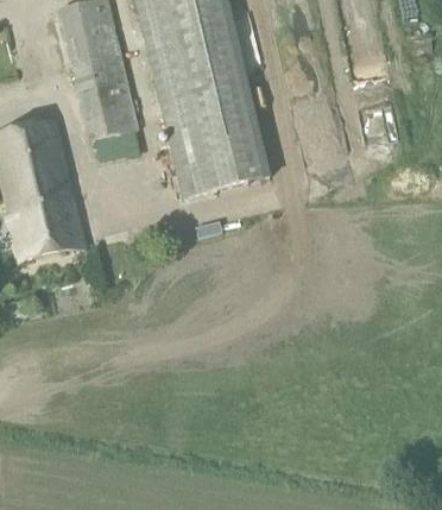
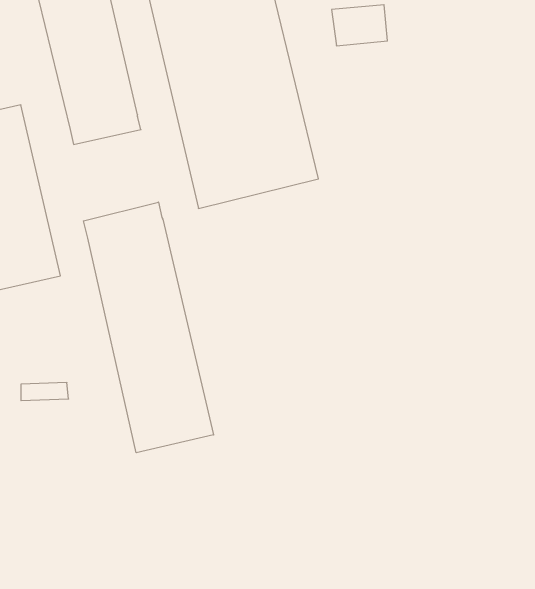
building: none -> [83,202,214,453]

